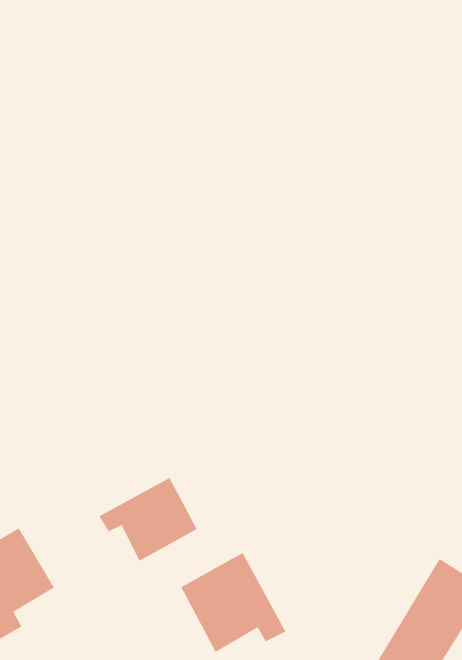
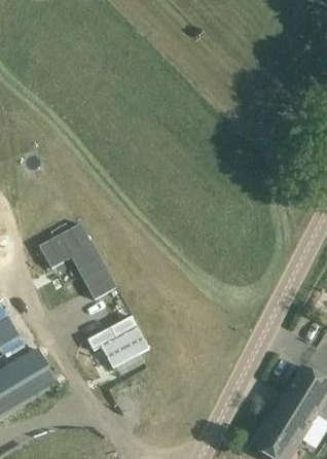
building: none -> [38,222,116,299]
building: [180,552,286,653] -> none

